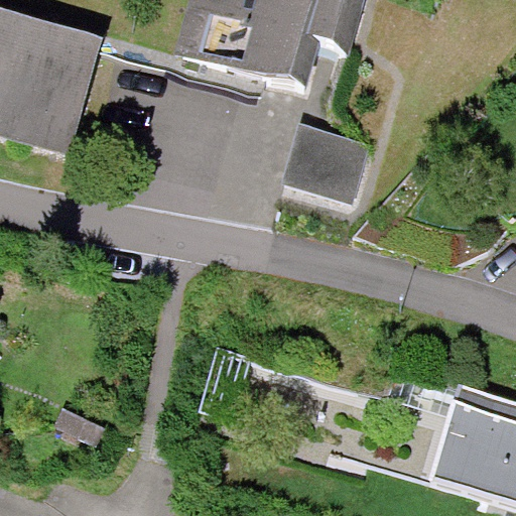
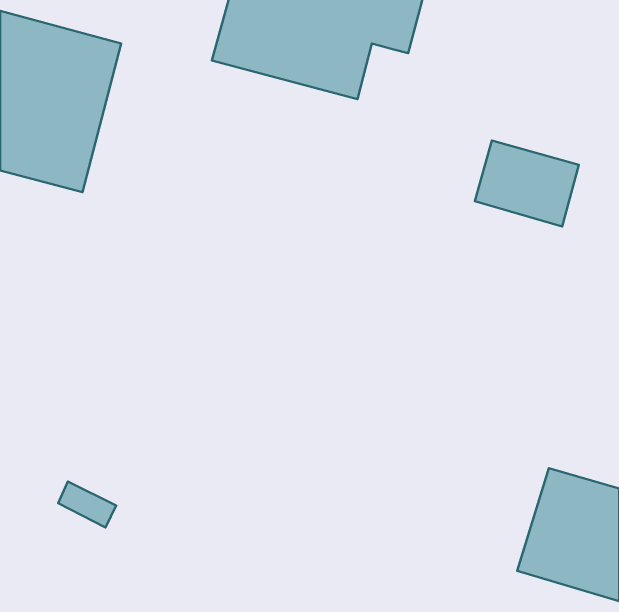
building: [281,126,368,198] -> [475,141,579,226]

